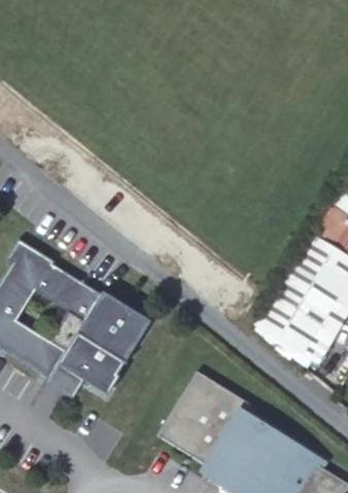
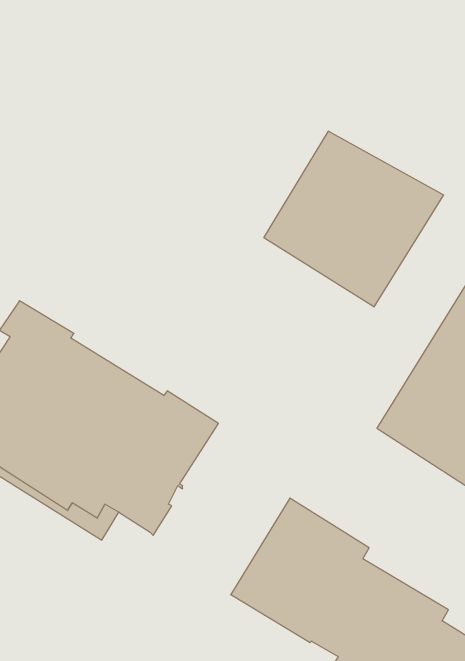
building: none -> [264,131,444,307]

